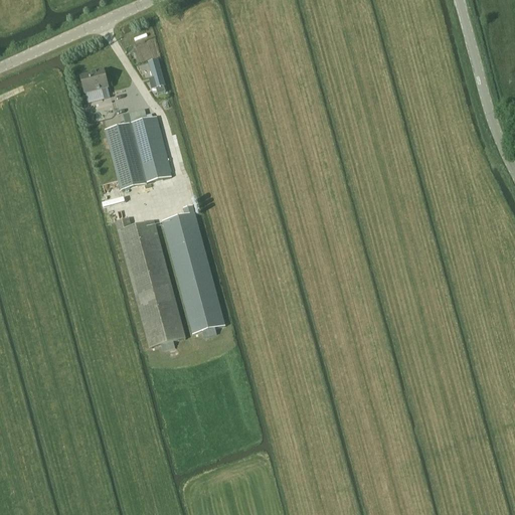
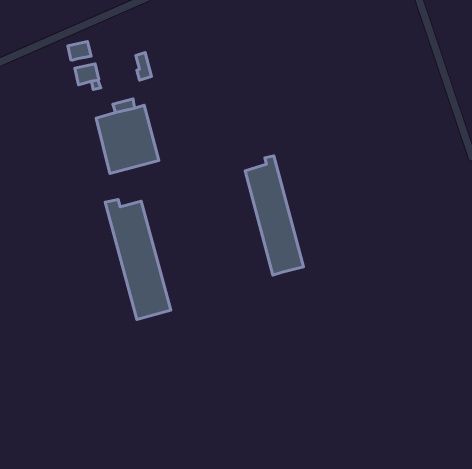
building: none -> [68,41,91,60]
building: [162,204,225,334] -> [245,156,303,275]

